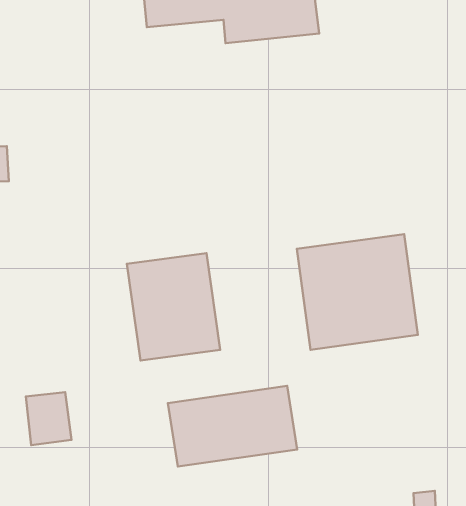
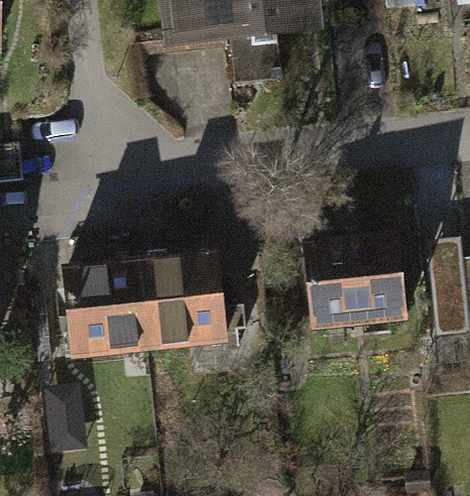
building: none -> [61,258,149,360]
building: [168,386,297,467] -> none

